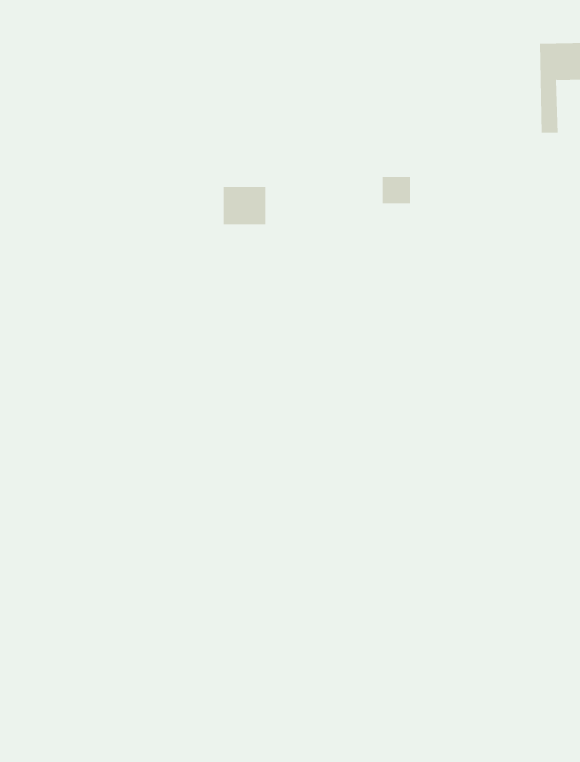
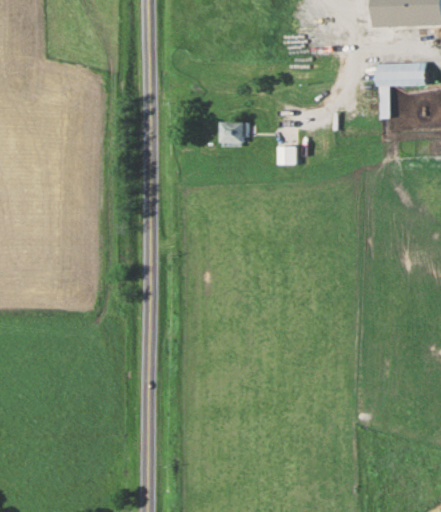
building: [223,186,266,225] -> [218,120,245,144]

